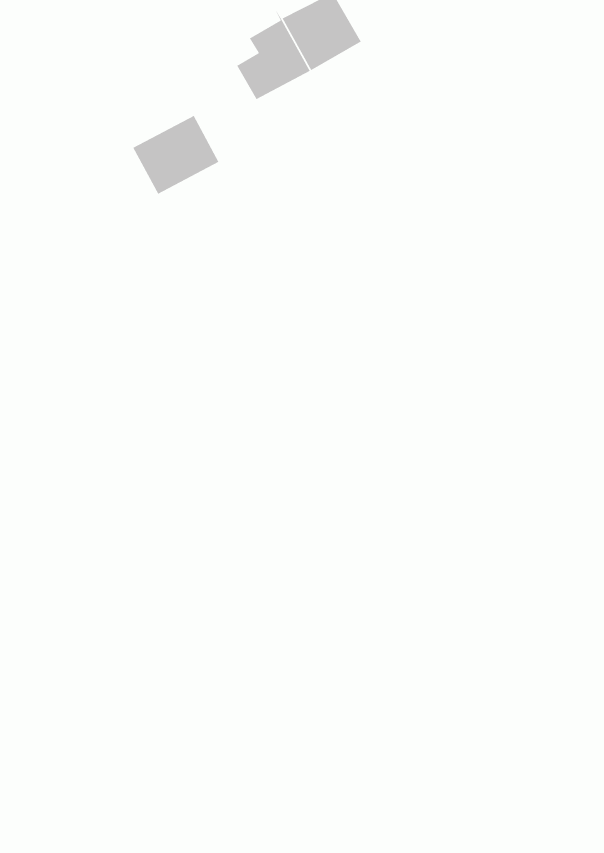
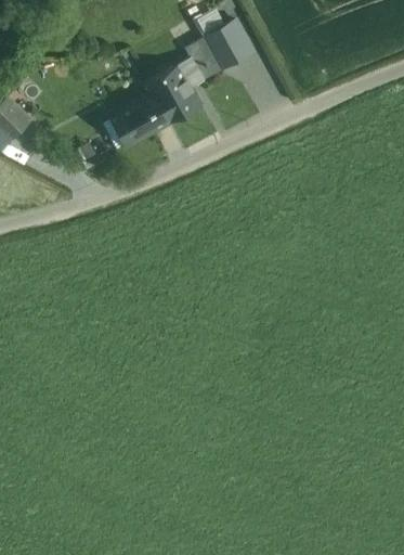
building: none -> [145,66,199,124]

